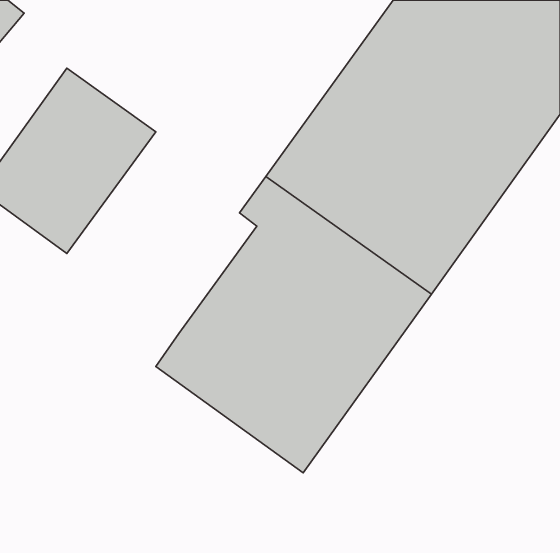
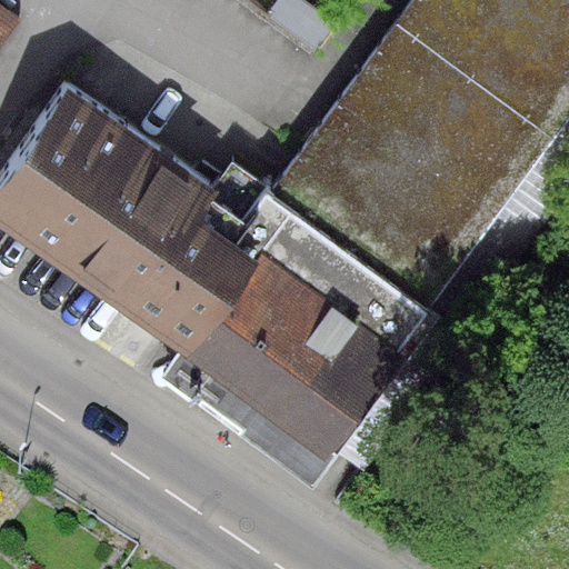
building: none -> [68,141,260,346]

